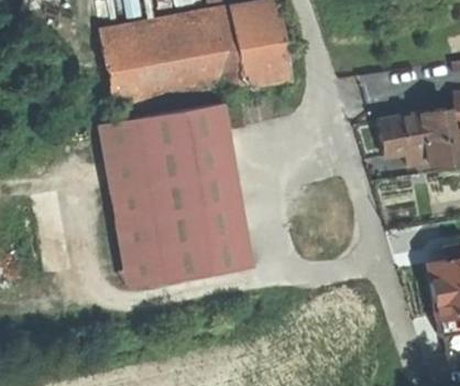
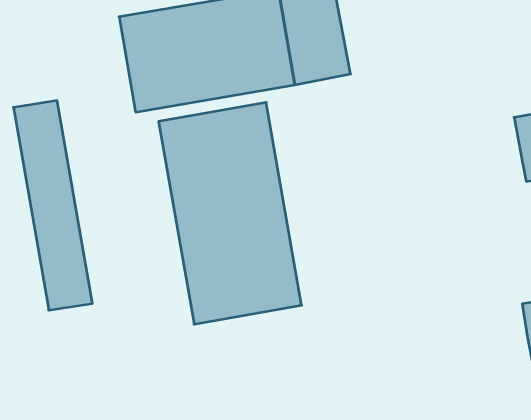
building: [380,111,429,154] -> none
building: [100,115,164,285] -> [13,101,92,310]

